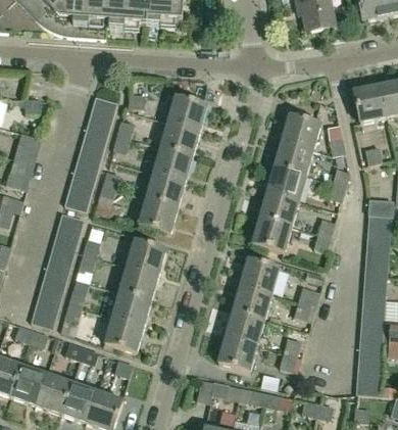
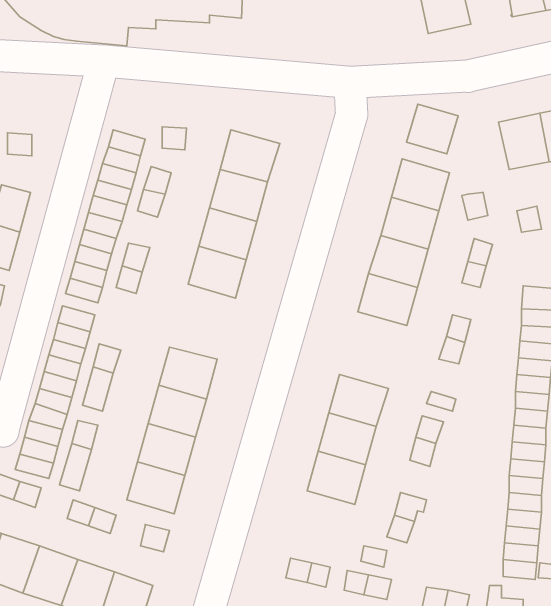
building: none -> [406,104,458,154]
building: [139,198,178,233] -> none
building: [252,217,292,251] -> none
building: [217,336,257,371] -> none

